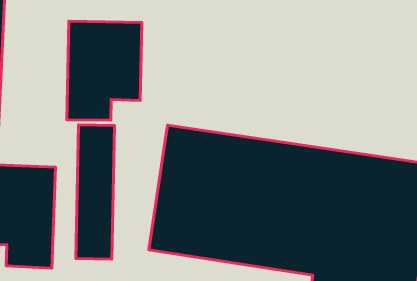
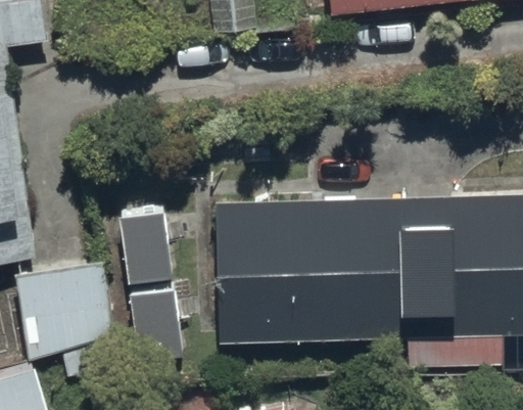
building: [67,21,142,120] -> none

